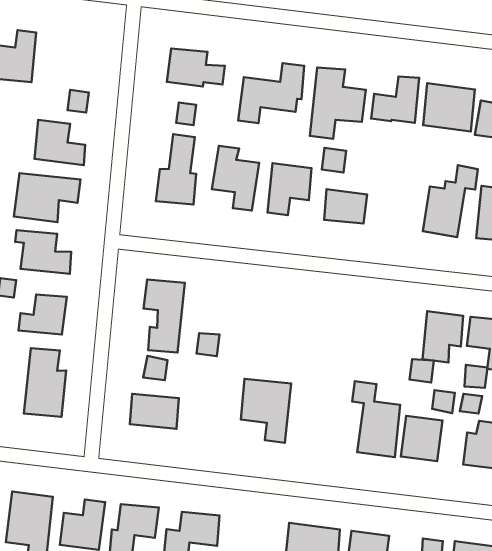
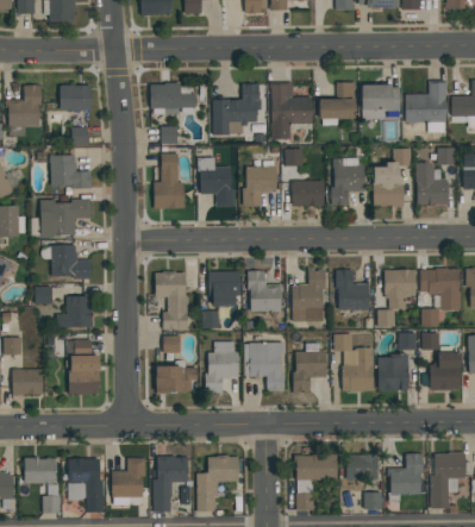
building: none -> [60,84,92,109]
building: none -> [332,157,363,206]
building: none -> [208,270,240,305]
building: none -> [249,270,281,310]
building: none -> [292,268,325,321]
building: none -> [336,269,369,309]
building: none -> [206,341,237,393]
building: none -> [293,343,327,393]

